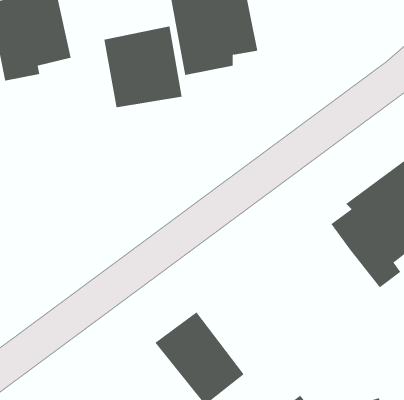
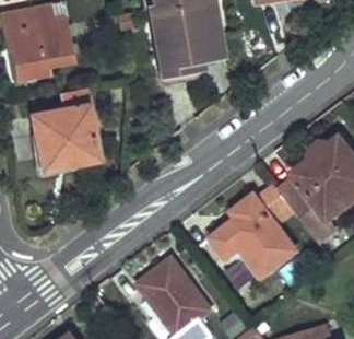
building: [103,26,183,108] -> [32,101,95,166]
building: none -> [209,186,294,276]

